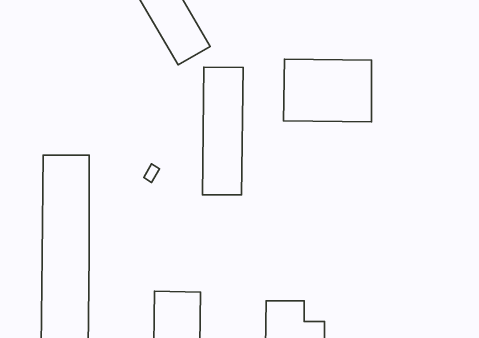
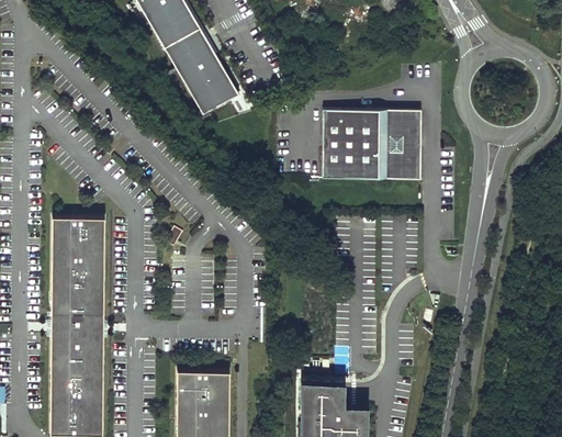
building: [203,67,243,195] -> none

